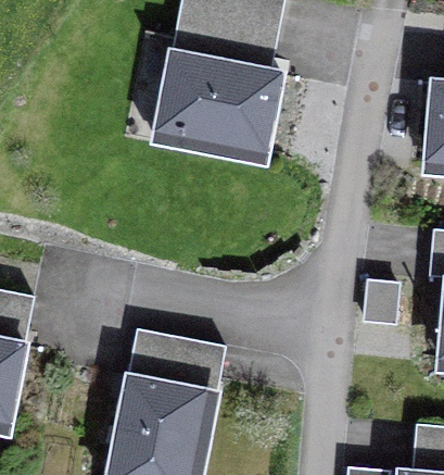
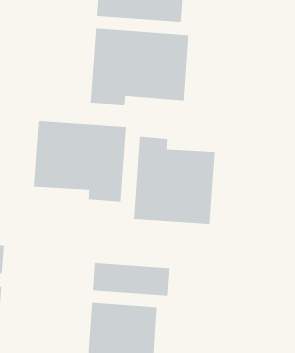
building: none -> [33,120,127,203]
building: none -> [133,136,215,225]

